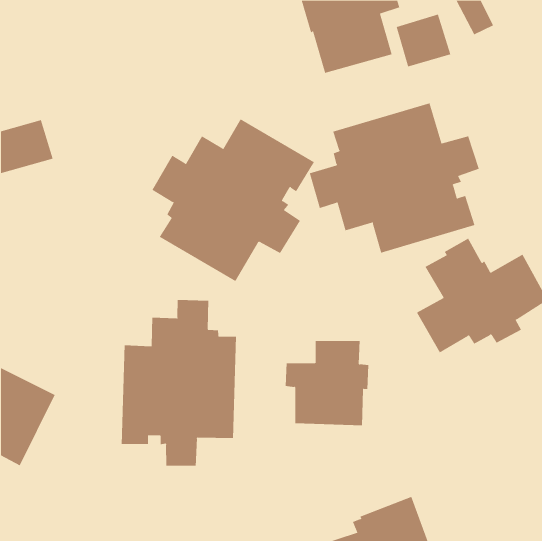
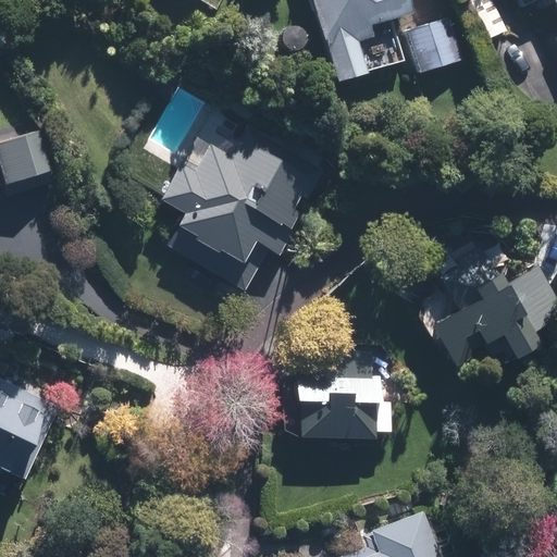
building: [309,103,480,253] -> none
building: [121,299,237,466] -> none

